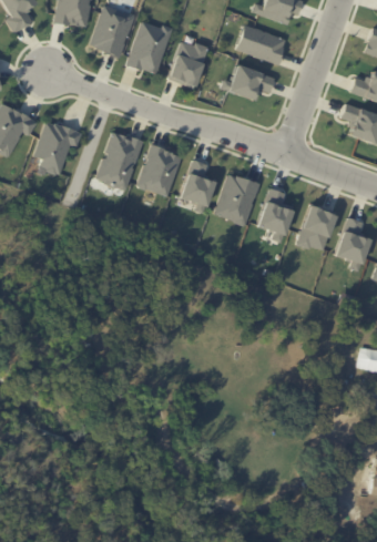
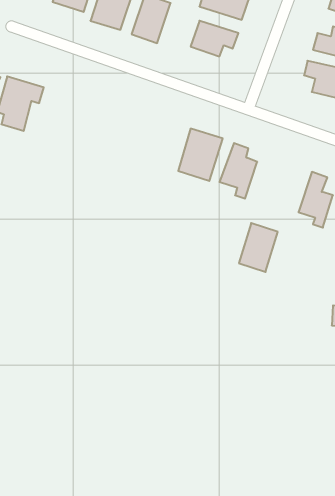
building: [96,131,142,191] -> none
building: [137,145,182,196] -> none
building: [180,160,214,214] -> none
building: [297,204,336,253] -> [239,223,278,272]

